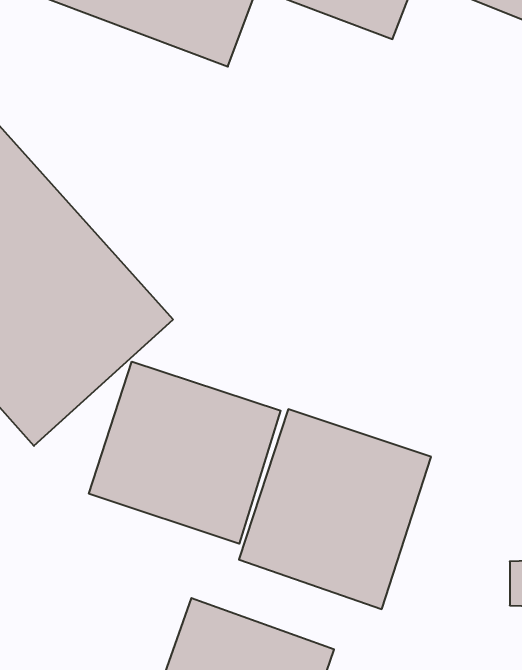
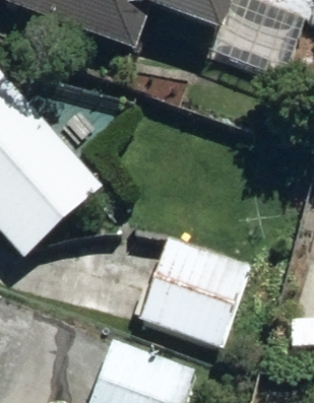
building: [89,362,281,544] -> none

